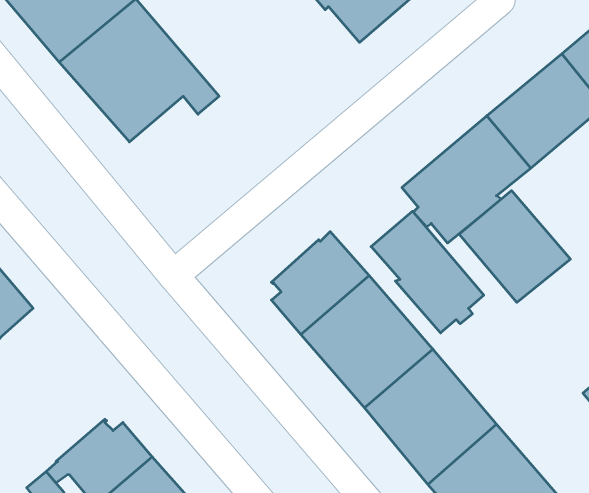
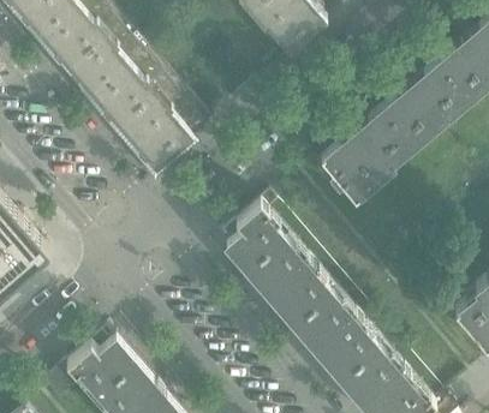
building: none -> [120,98,211,174]
building: [459,191,570,302] -> none
building: [371,211,484,333] -> none

